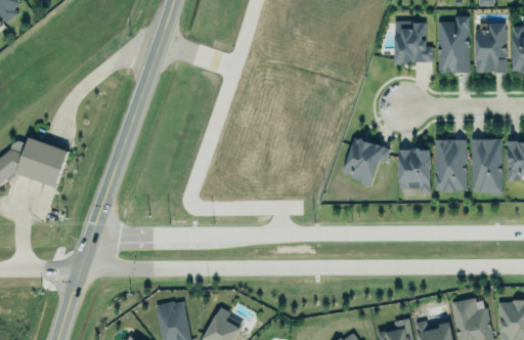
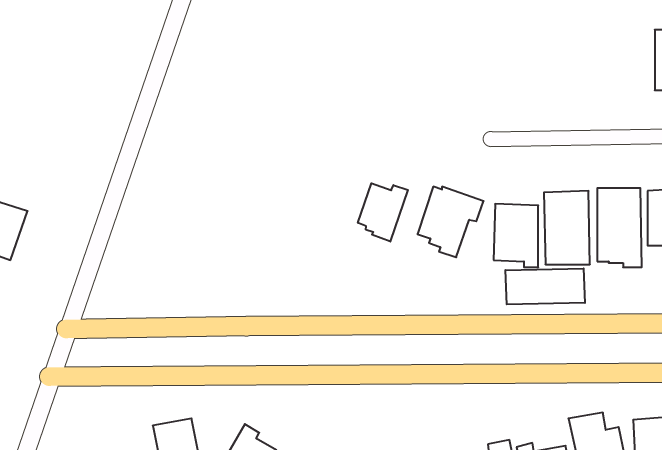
building: [438,15,470,73] -> none
building: [475,22,507,72] -> none
building: [394,23,432,65] -> none
building: none -> [358,183,408,242]
building: none -> [505,268,585,304]

